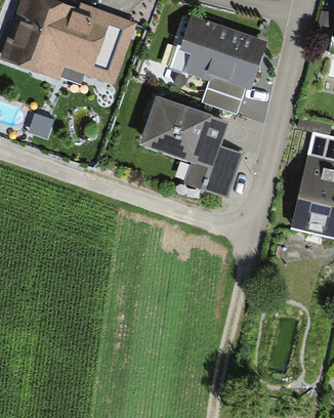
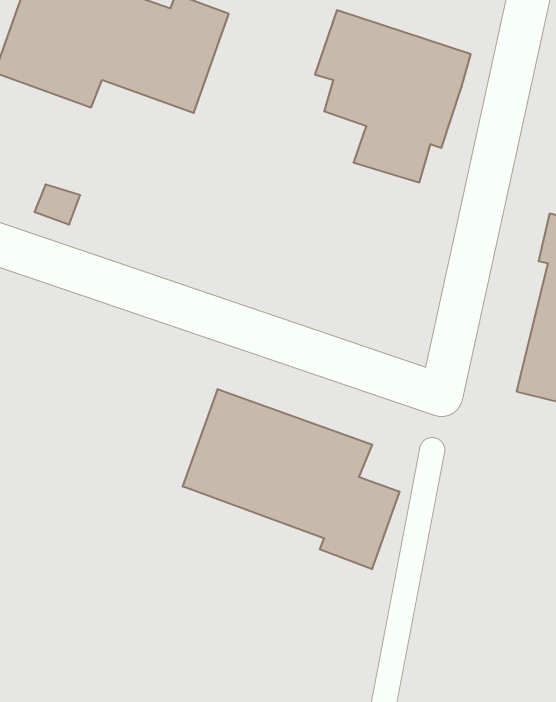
building: [138,99,241,195] -> none
building: none -> [183,389,399,569]

